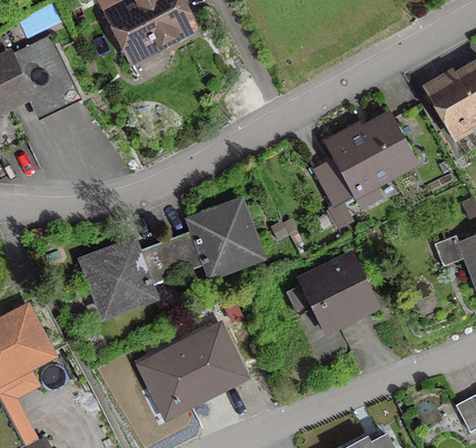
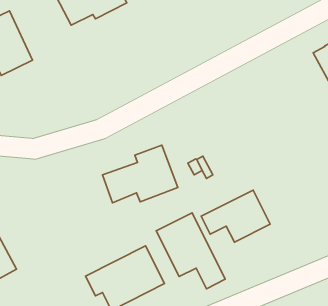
building: [317,118,415,207] -> none
building: [83,241,177,314] -> none
building: none -> [156,213,225,289]

